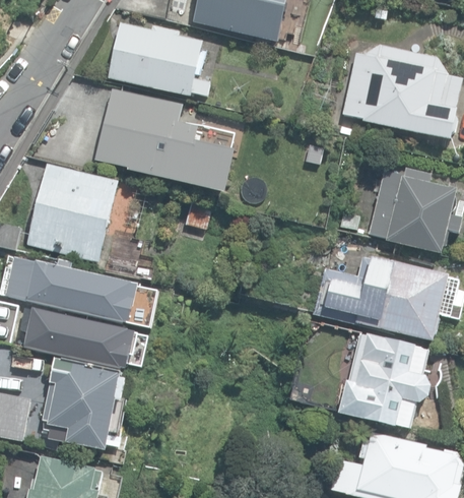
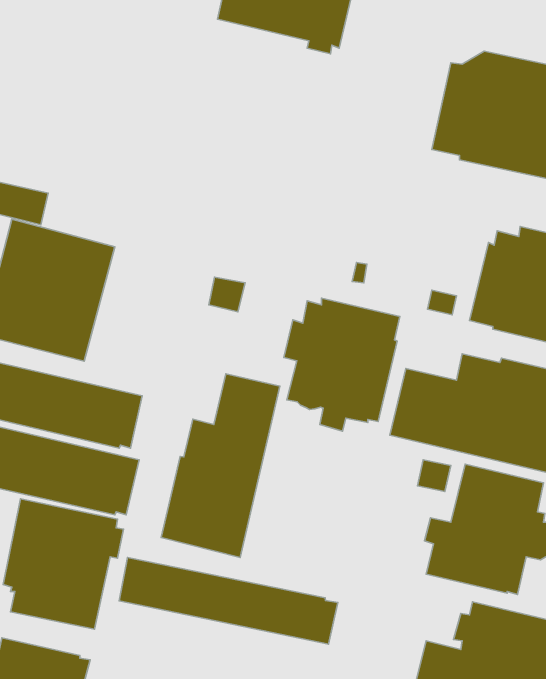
building: [108,22,210,96] -> none
building: [95,87,236,191] -> none
building: none -> [284,298,400,431]
building: none -> [161,374,280,557]
building: none -> [119,558,338,644]

